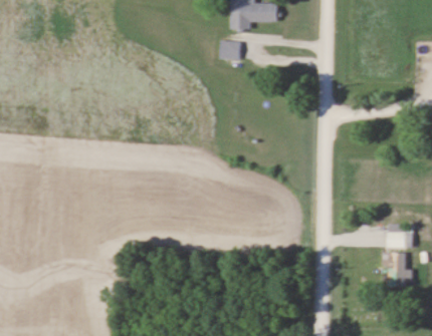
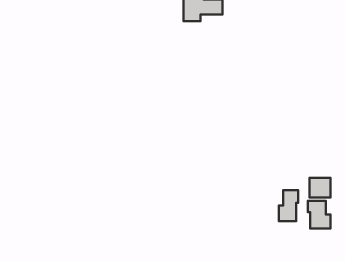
building: [220,40,239,59] -> none
building: none -> [279,190,298,221]

